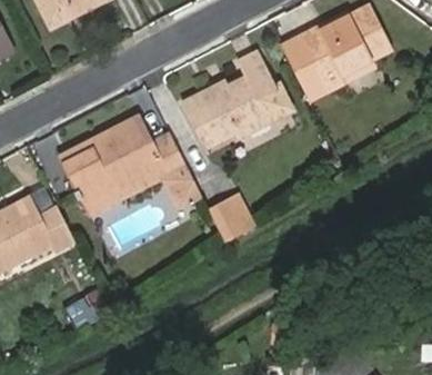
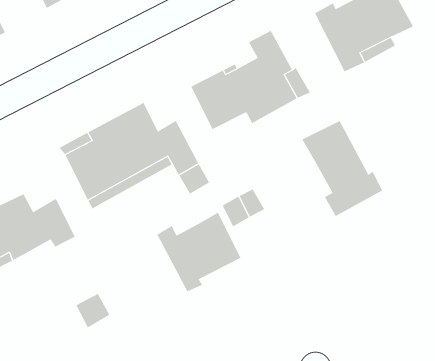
building: none -> [302,120,383,217]
building: none -> [157,212,241,292]

